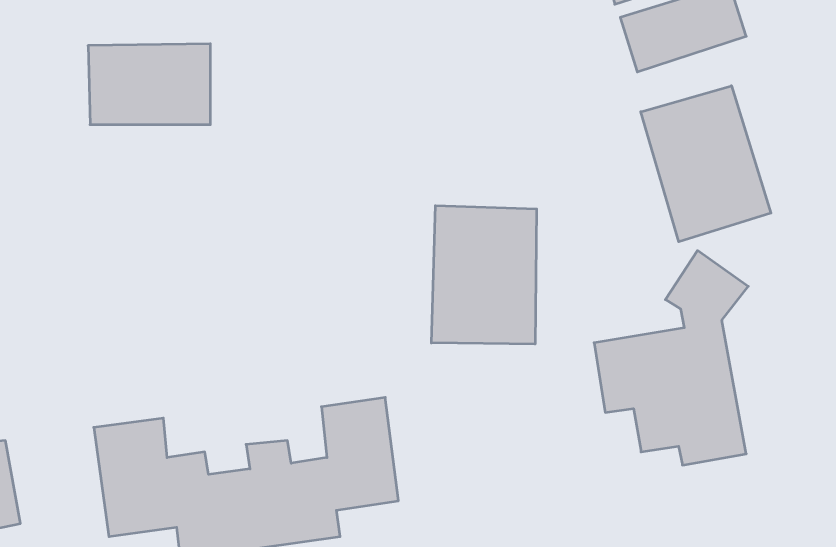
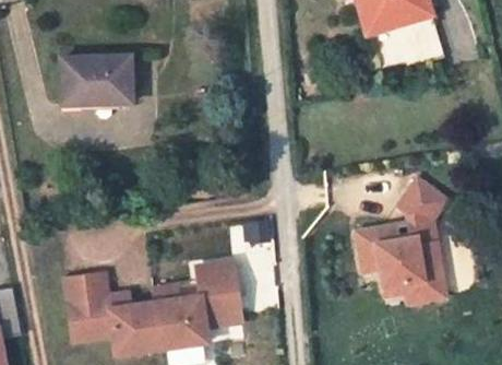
building: [641,86,771,242] -> none
building: [431,206,537,344] -> none

